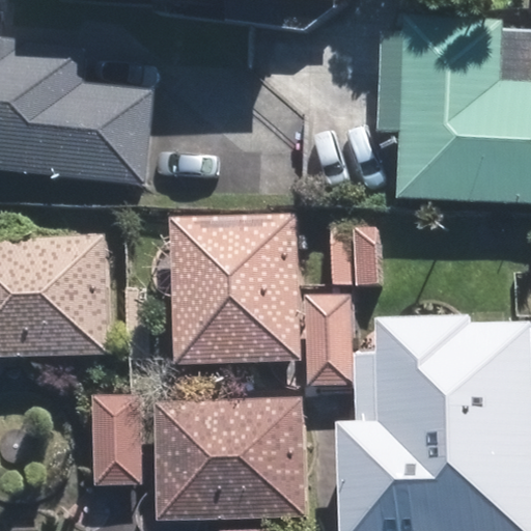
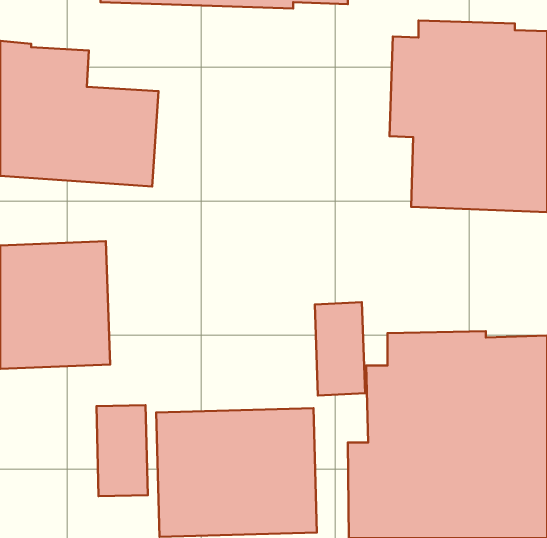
building: [168,215,299,363] -> none

